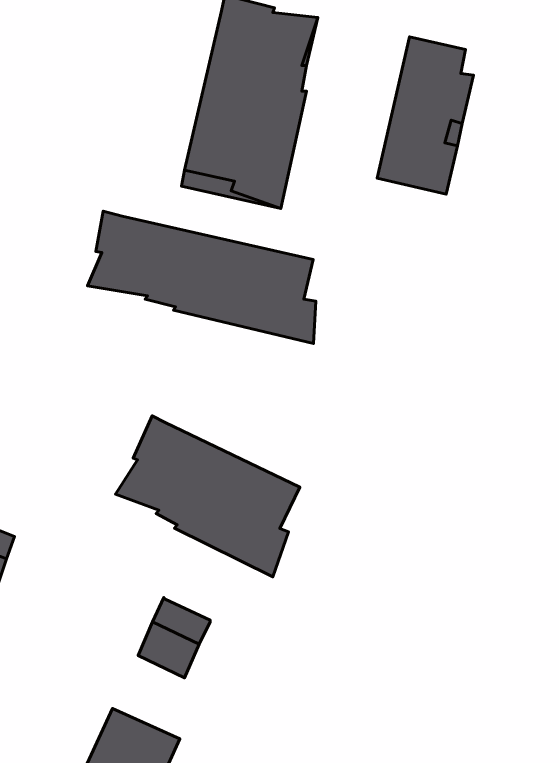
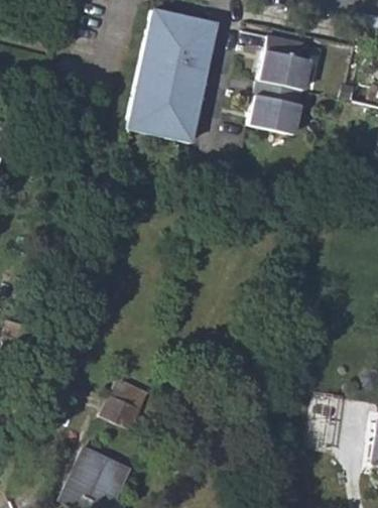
building: [87,211,316,343] -> none
building: [115,416,300,577] -> none

